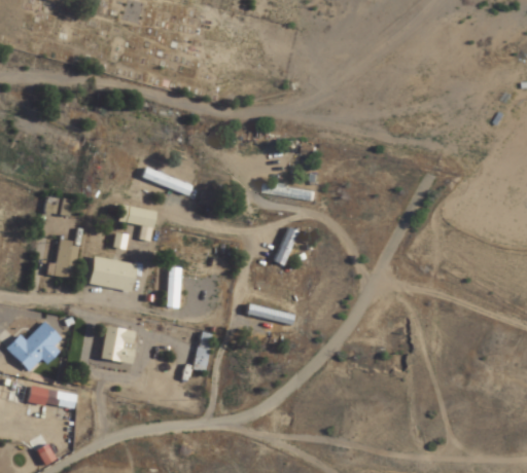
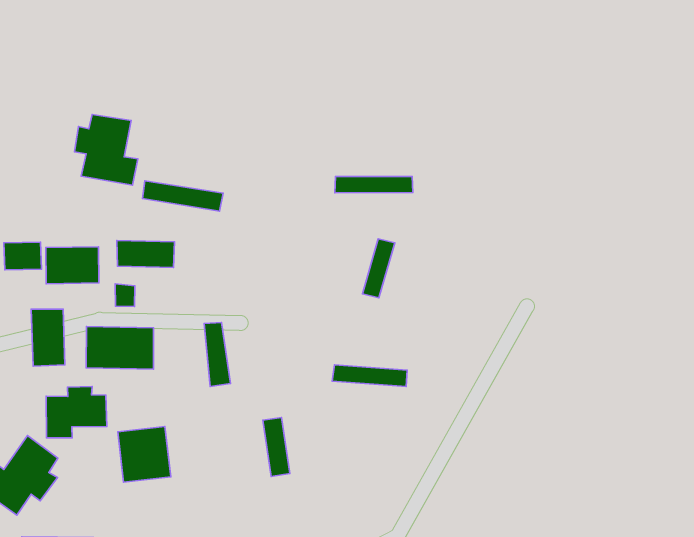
building: none -> [75,114,138,185]
building: none -> [46,247,99,284]
building: none -> [46,386,107,438]

